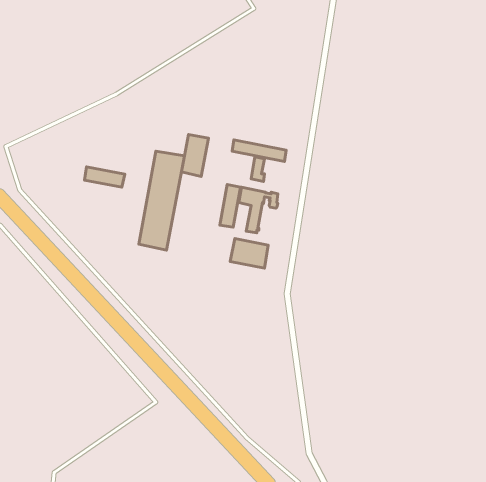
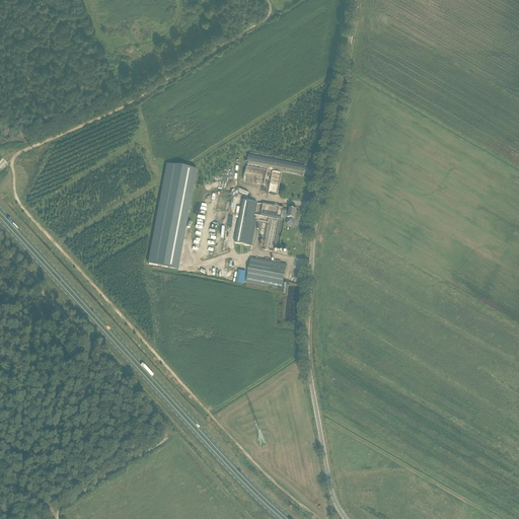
building: [182,135,209,176] -> none
building: [84,167,125,187] -> none

